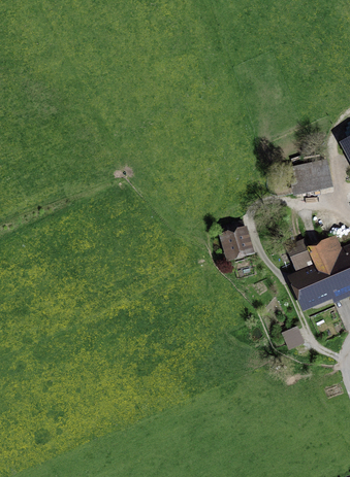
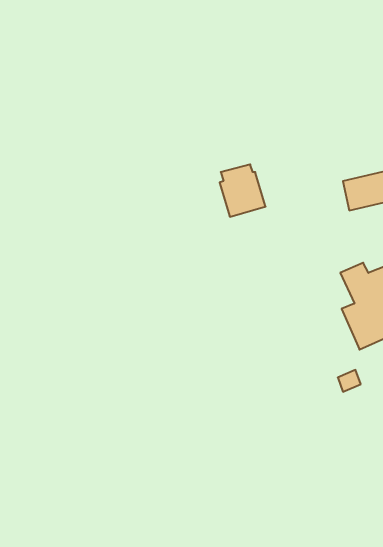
building: [219,219,256,262] -> [220,164,266,217]

